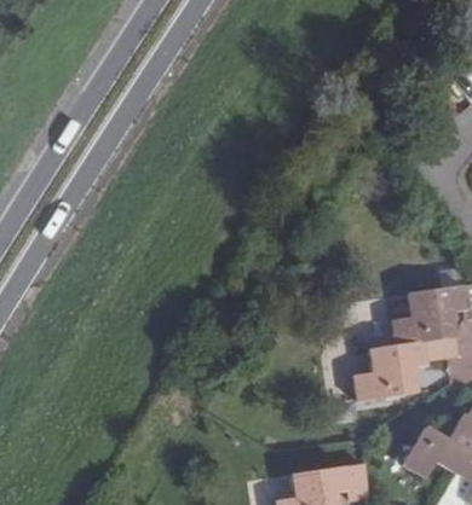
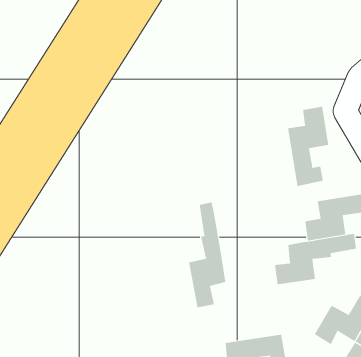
building: none -> [287,106,329,187]
building: none -> [188,202,226,308]

